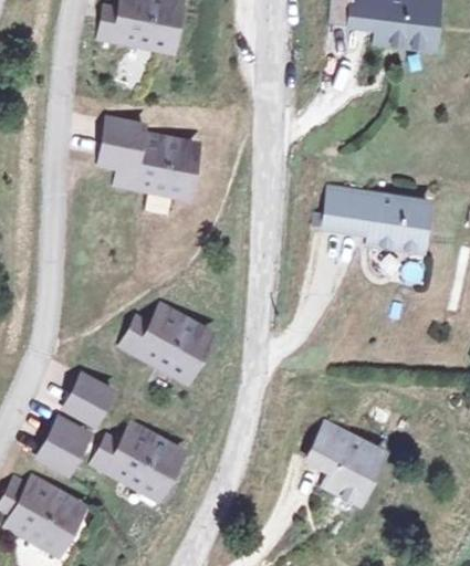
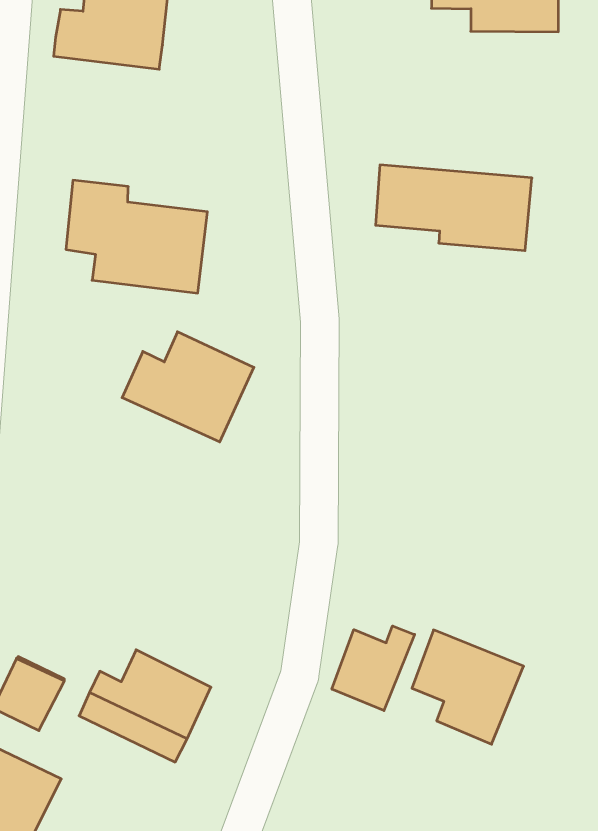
building: [325,187,428,249] -> [376,165,532,251]
building: [125,307,211,380] -> [122,332,254,442]
building: [65,375,113,423] -> none
building: none -> [332,626,415,711]

